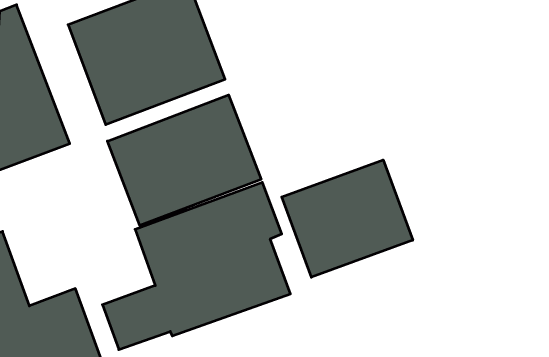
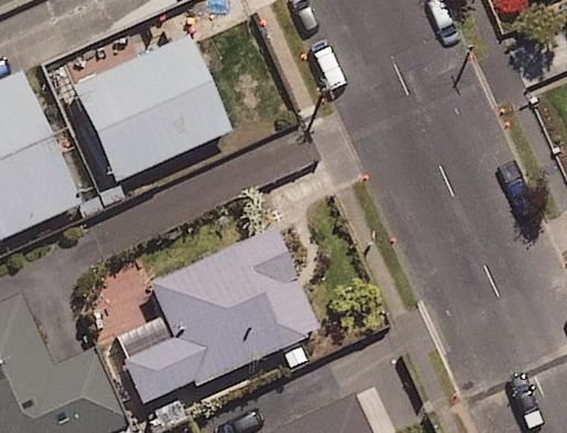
building: [107,95,261,225] -> none
building: [282,160,413,277] -> none

